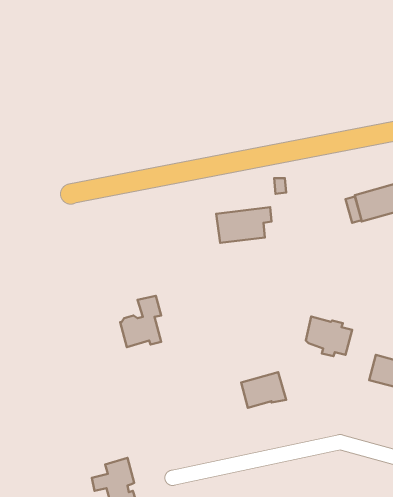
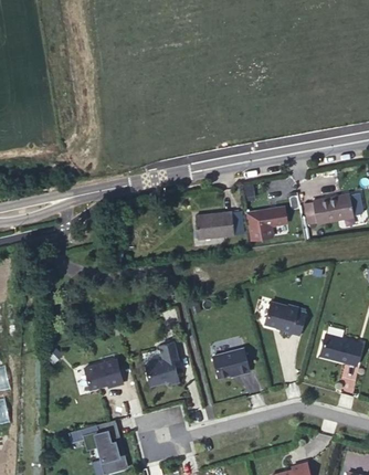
building: none -> [254,208,284,229]
building: [120,296,161,347] -> [146,342,180,386]
building: none -> [80,360,119,394]

